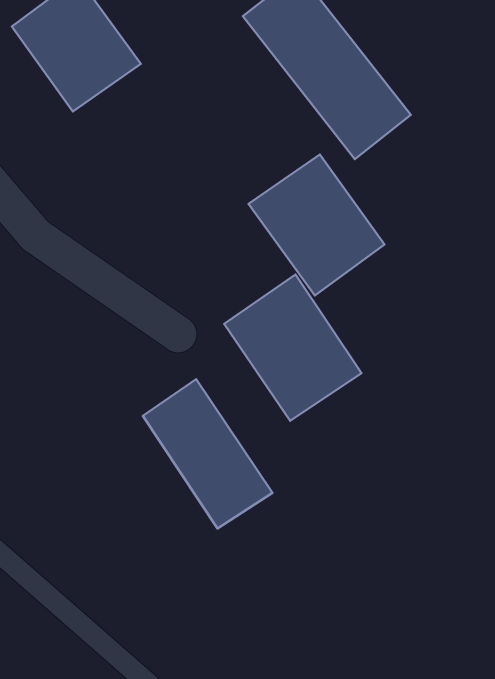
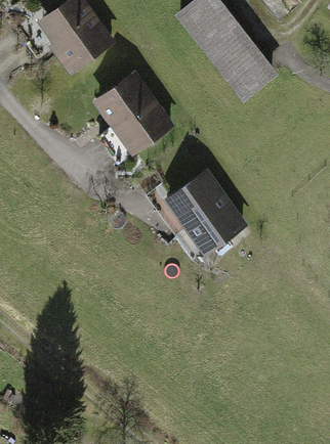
building: [248,154,384,295] -> [92,71,174,156]
building: [143,379,273,528] -> none

